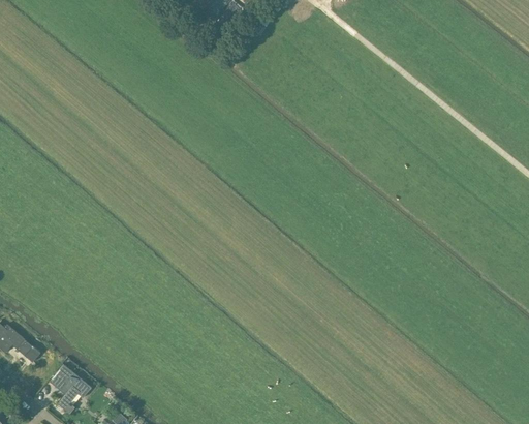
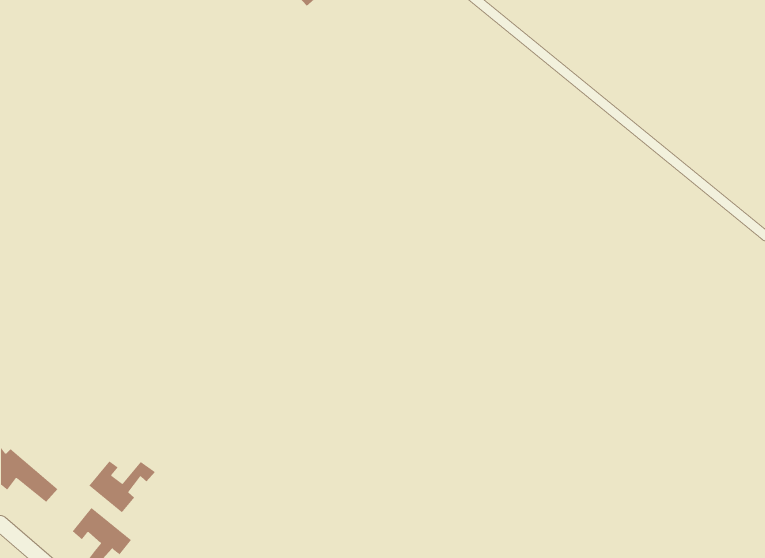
building: none -> [88,460,156,513]

